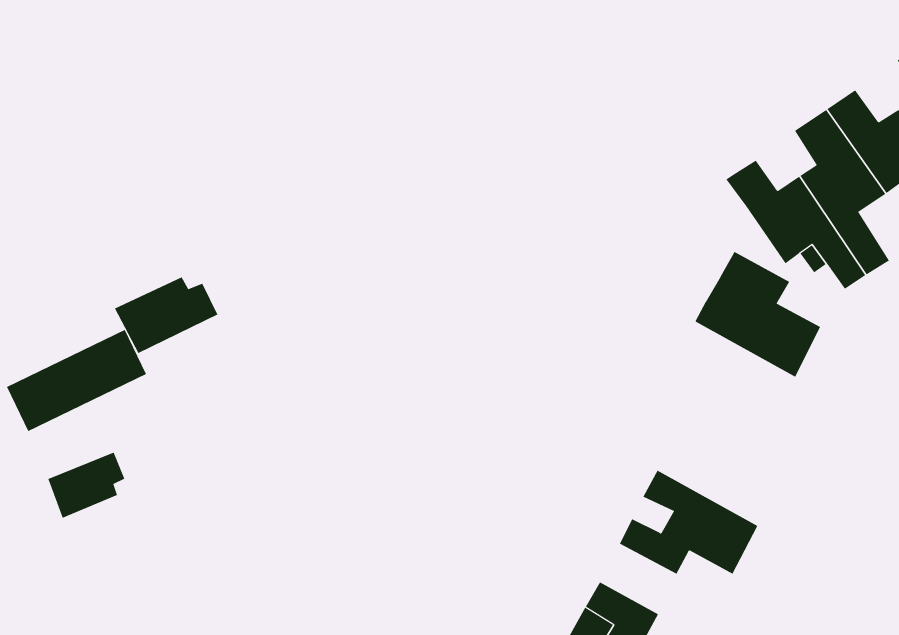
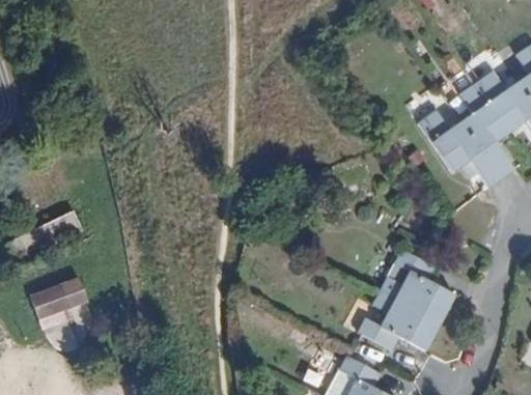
building: [695,251,821,377] -> [381,250,453,322]
building: [114,276,218,354] -> none

